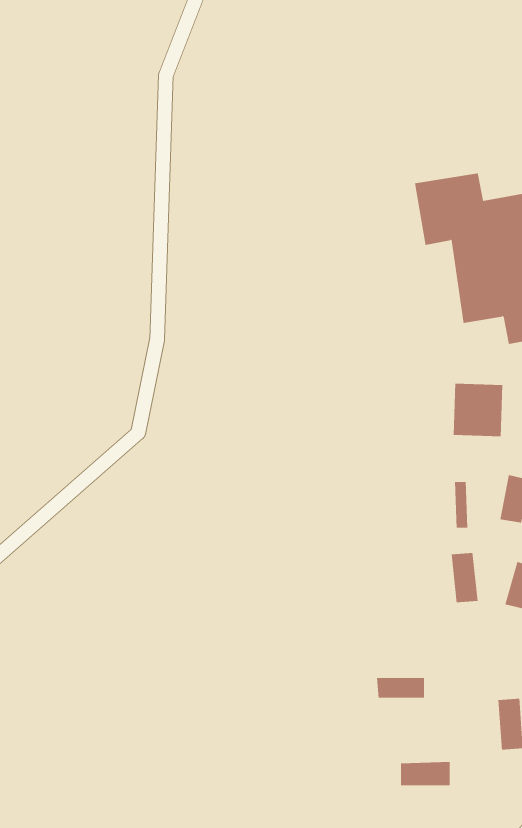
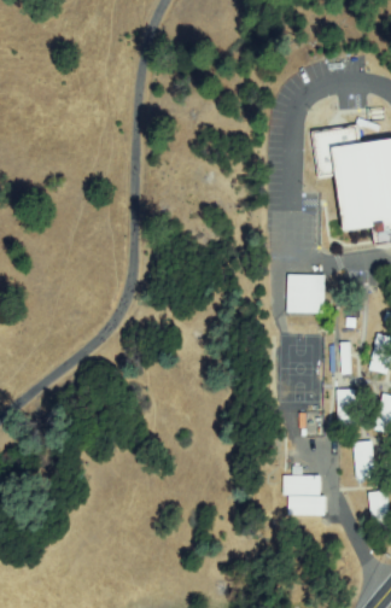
building: [453,383,503,437] -> [287,274,322,311]
building: none -> [352,442,373,477]
building: [400,761,450,786] -> [290,496,325,513]

